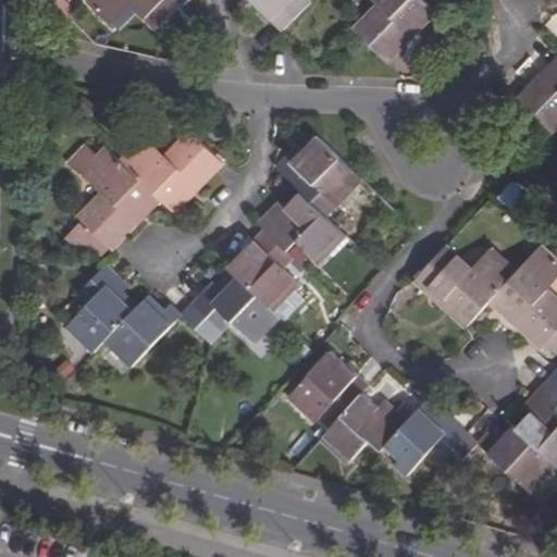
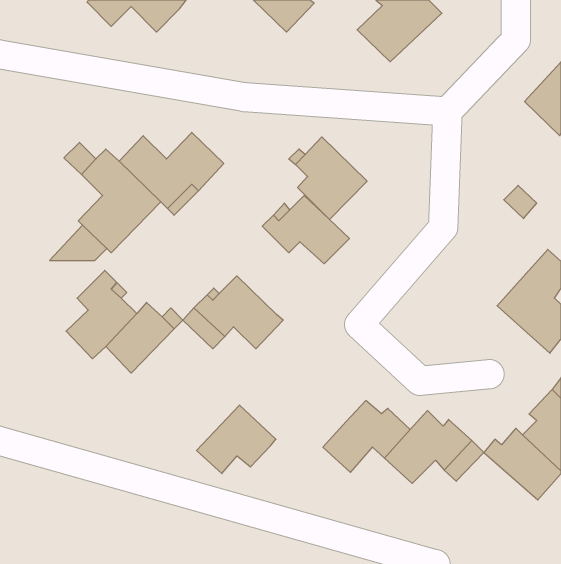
building: [226,227,298,310] -> none
building: [414,245,519,327] -> none
building: [288,355,367,422] -> [197,405,276,474]

